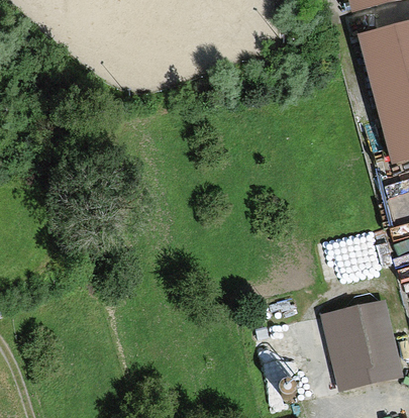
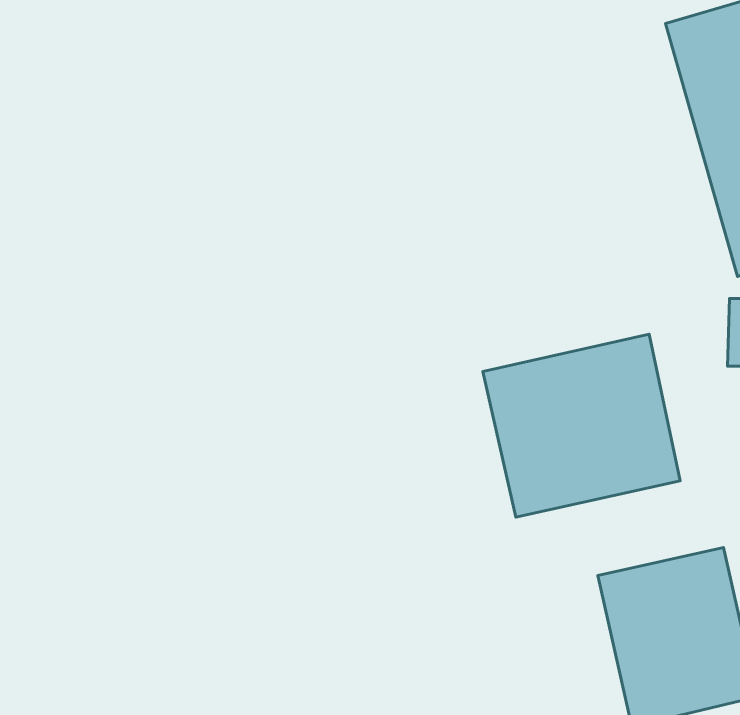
building: none -> [483,334,680,517]

